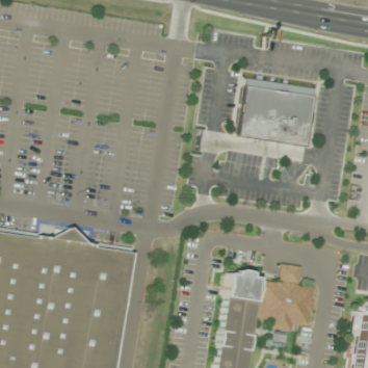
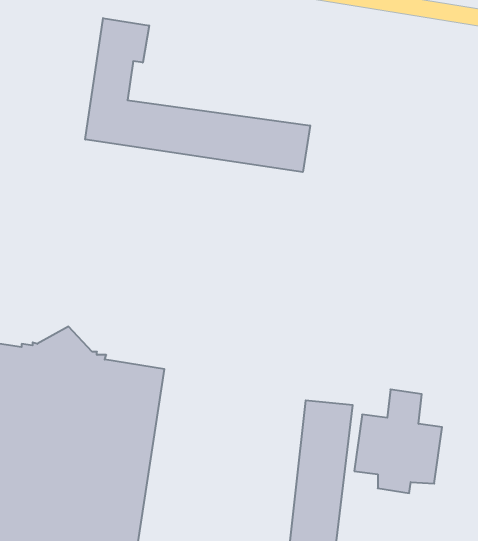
building: none -> [85,18,310,172]
building: [242,79,320,148] -> none

